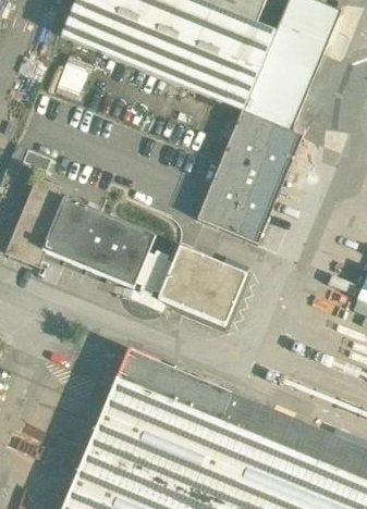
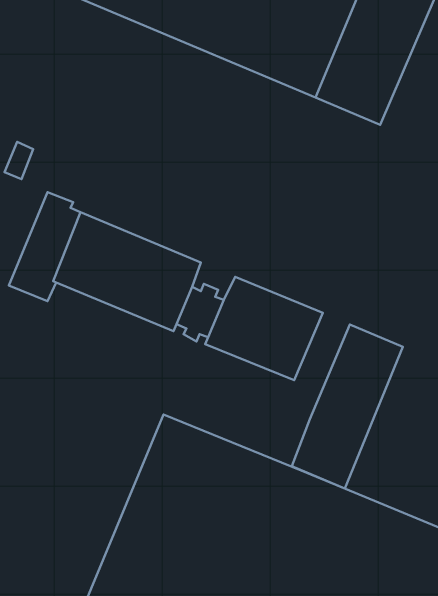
building: [196,110,302,243] -> none
building: none -> [292,325,403,488]

